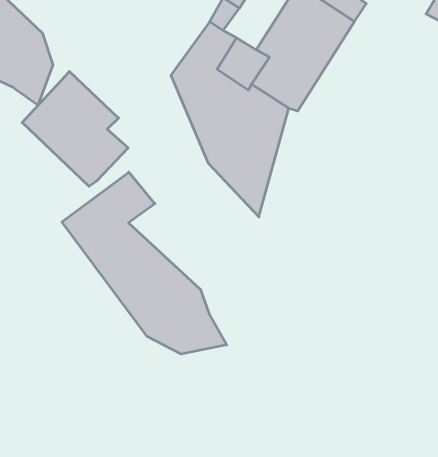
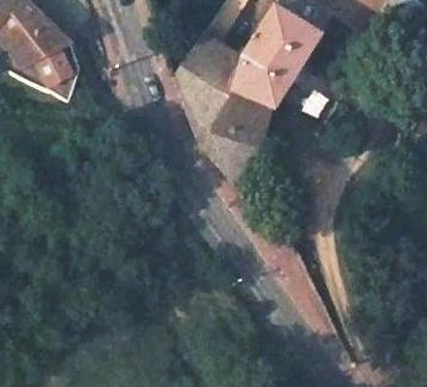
building: [22,71,128,186] -> none
building: [62,172,227,354] -> none

